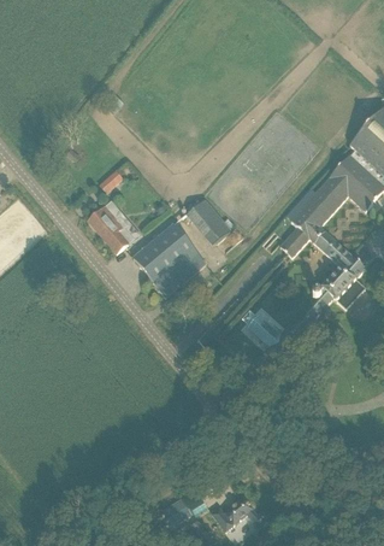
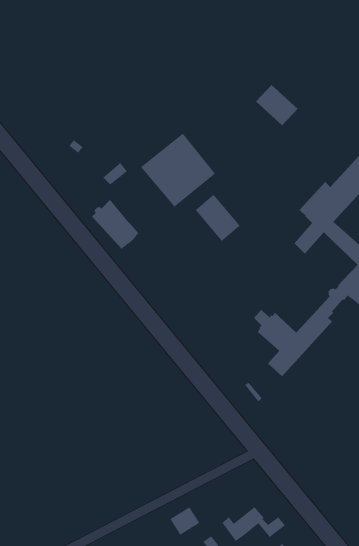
building: none -> [255,84,298,126]
building: [132,224,205,295] -> [140,133,216,208]

